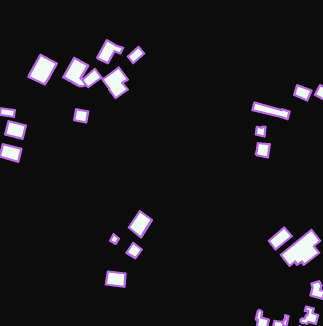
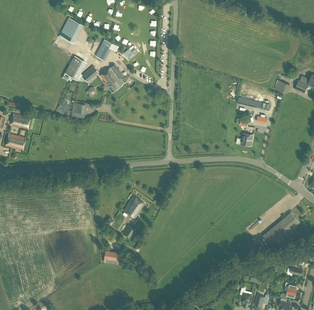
building: [28,55,57,84] -> [57,17,83,44]

